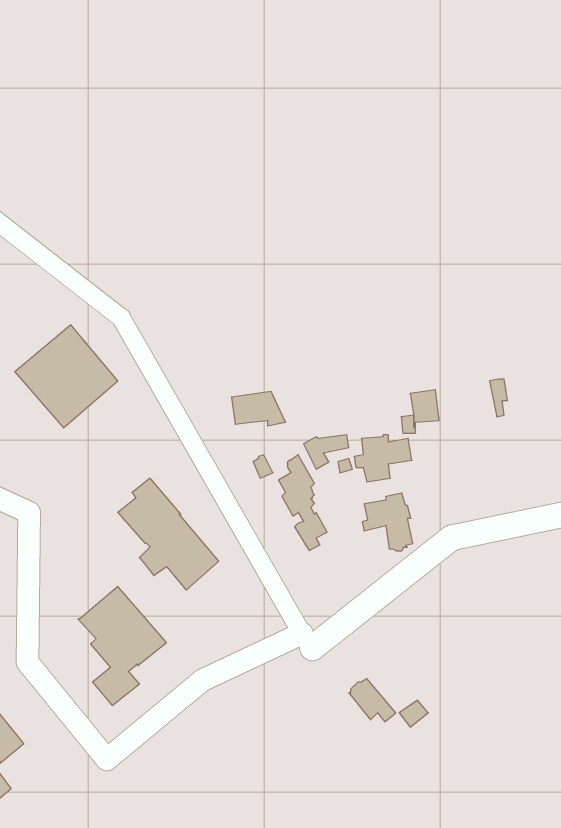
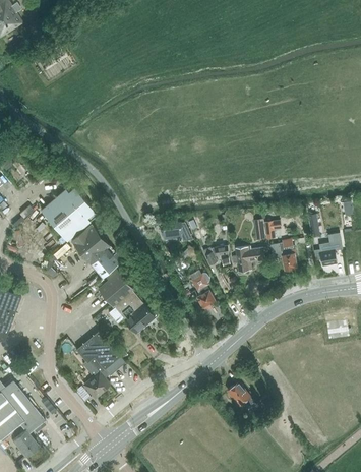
building: none -> [70,224,122,278]
building: none -> [313,233,342,267]
building: [362,493,413,551] -> [268,239,297,272]

